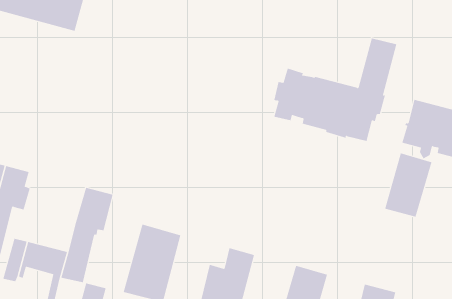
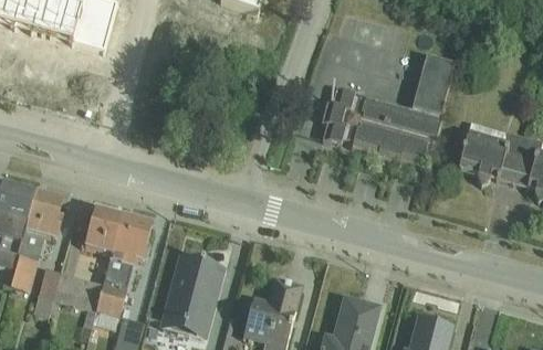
building: [385,153,432,218] -> none
building: none -> [81,208,122,253]

